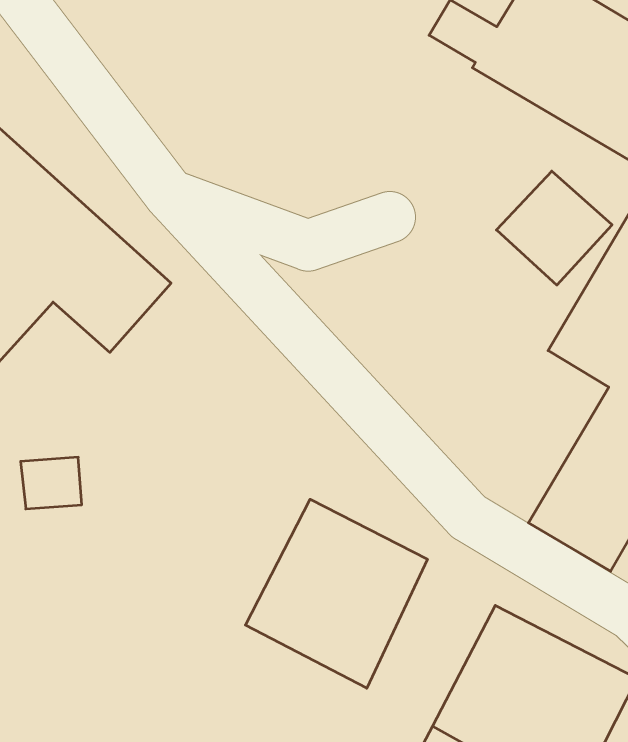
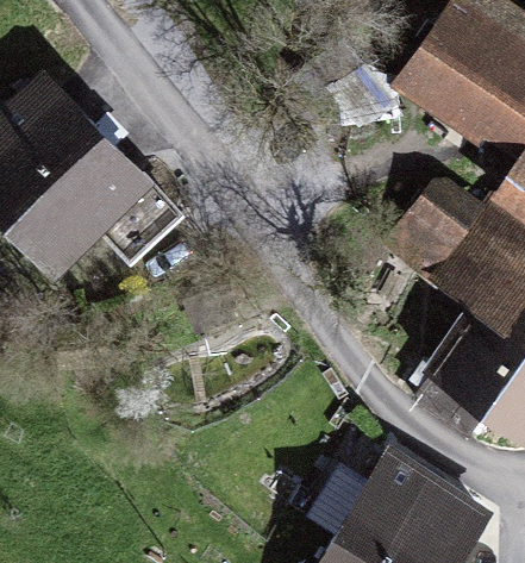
building: [245,499,427,688] -> none

